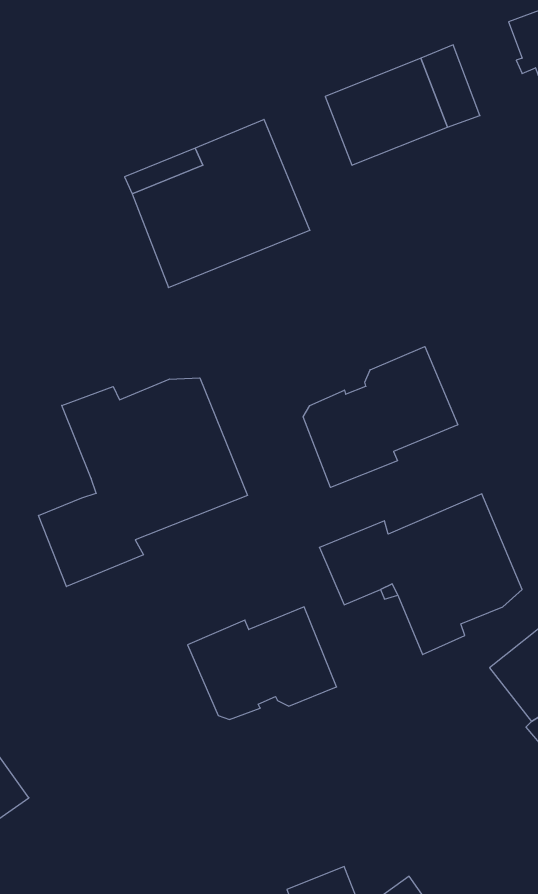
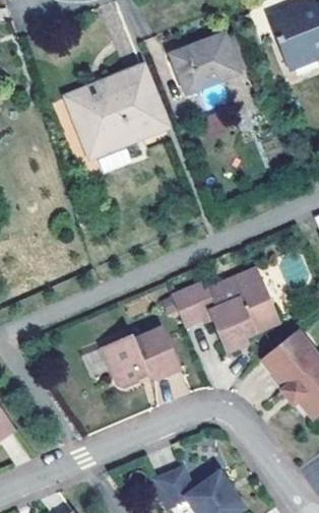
building: [303,347,458,487] -> none
building: [39,378,247,587] -> none

